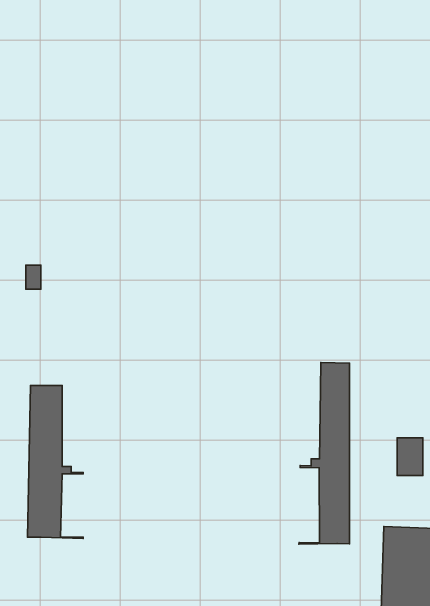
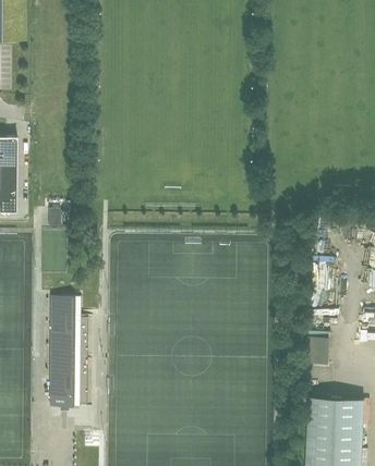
building: [299,362,350,544] -> none

